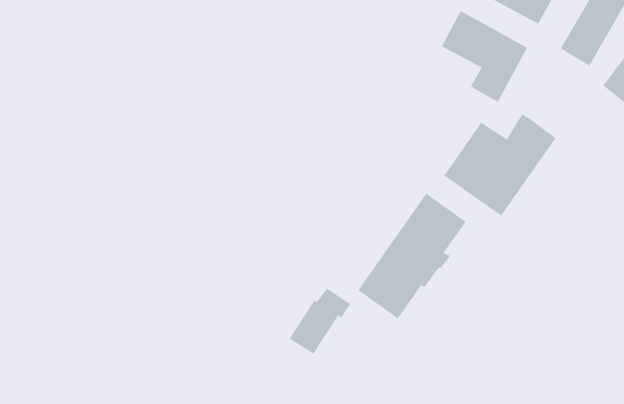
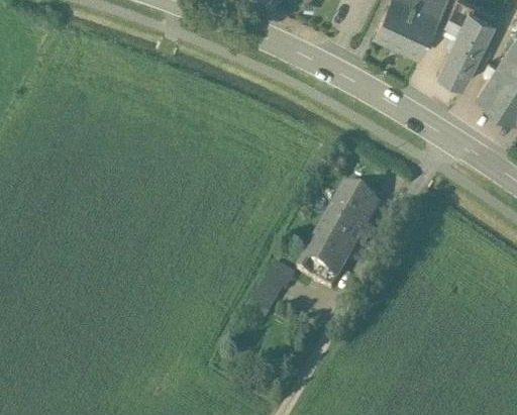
building: [441,10,528,103] -> none
building: [443,114,556,216] -> none

